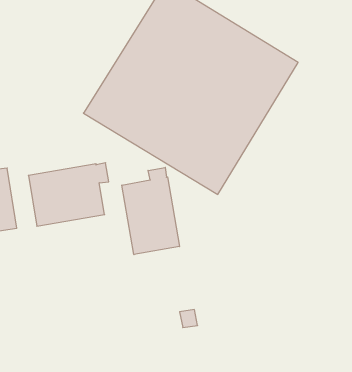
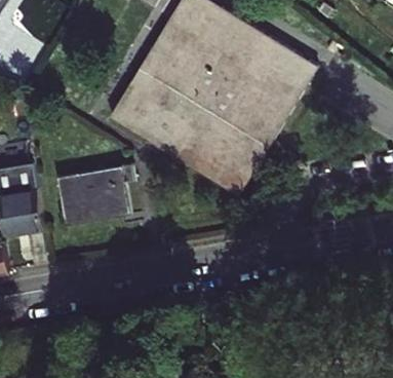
building: [122,167,179,255] -> none

